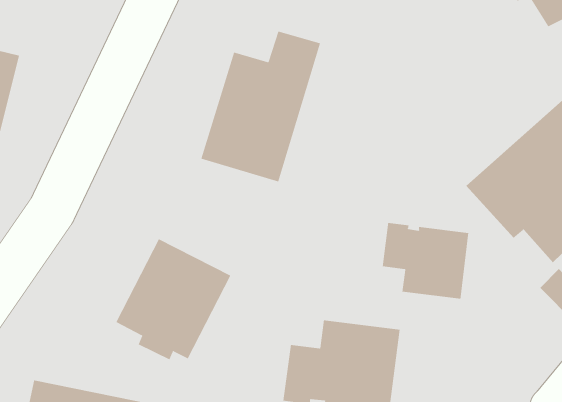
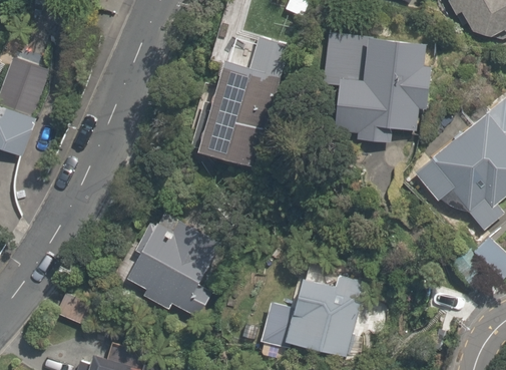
building: none -> [319,30,437,145]
building: [382,222,469,300] -> none

